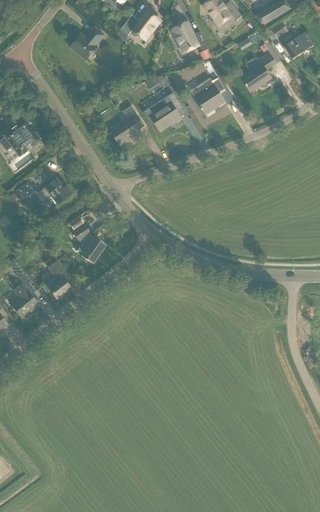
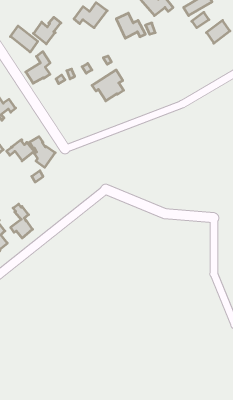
building: none -> [10,26,38,52]
building: [242,52,277,91] -> none
building: [192,77,225,113] -> none
building: [111,105,141,144] -> [26,52,50,83]
building: [73,225,105,263] -> [29,137,55,167]

